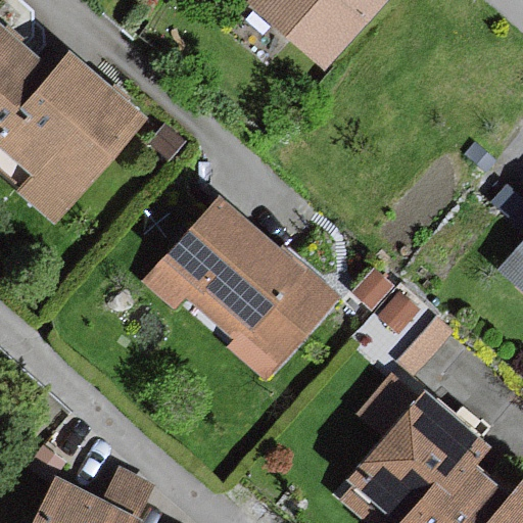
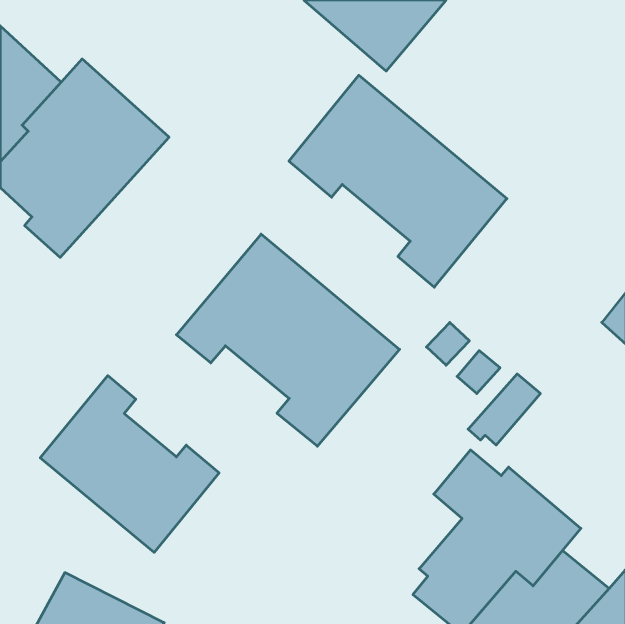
building: none -> [289,75,507,287]
building: none -> [40,376,219,552]

